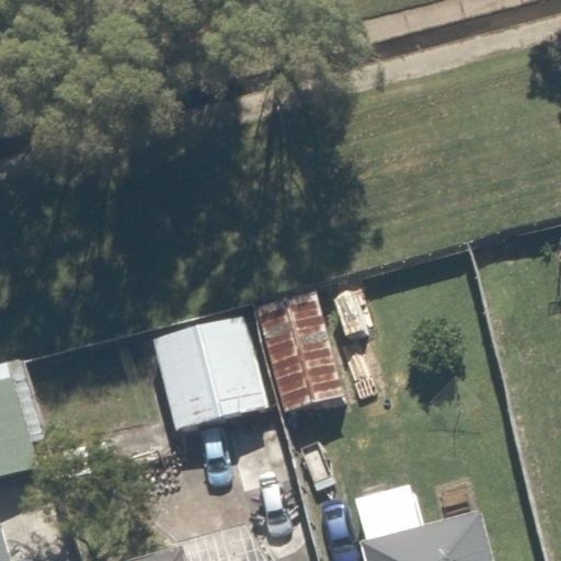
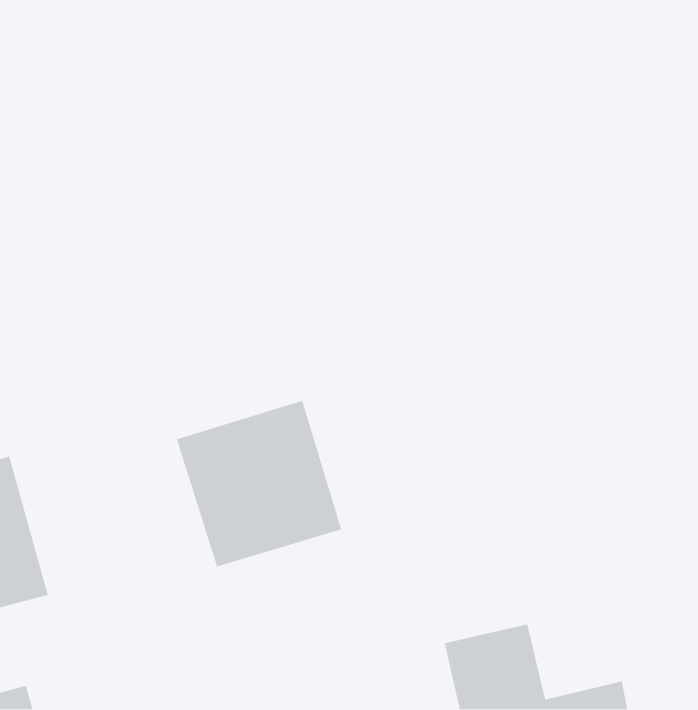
building: [238,289,351,424] -> none

